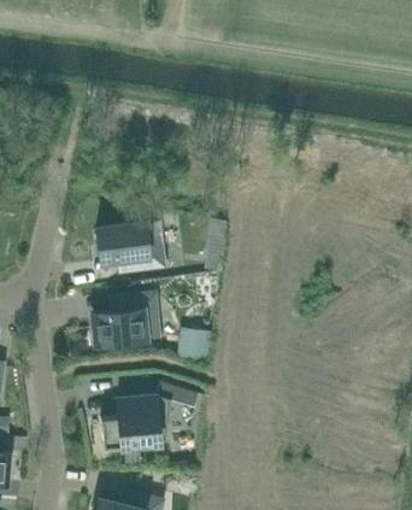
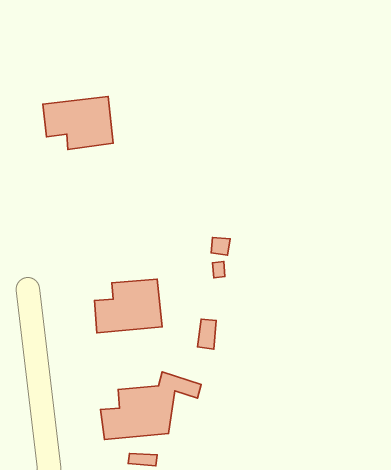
building: [96,221,164,271] -> [43,97,113,149]

